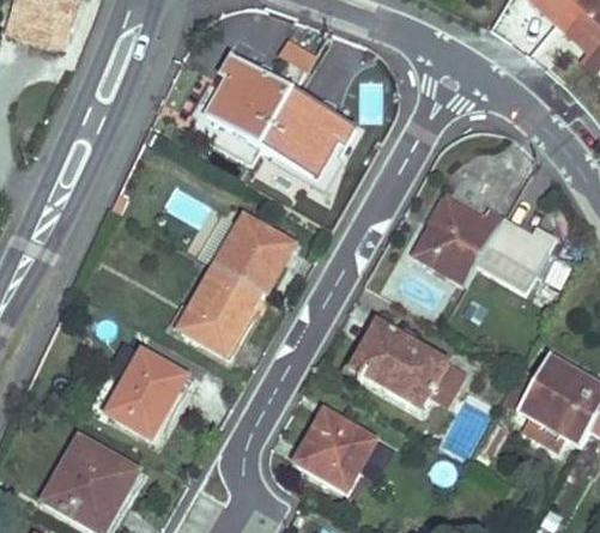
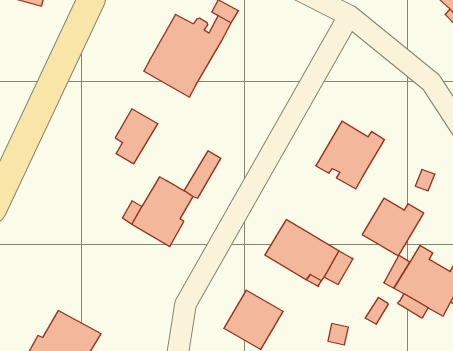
building: [261,90,357,183] -> none
building: [222,213,277,284] -> [115,109,158,164]
building: [477,218,556,292] -> [362,198,424,256]
building: [108,349,190,435] -> none

